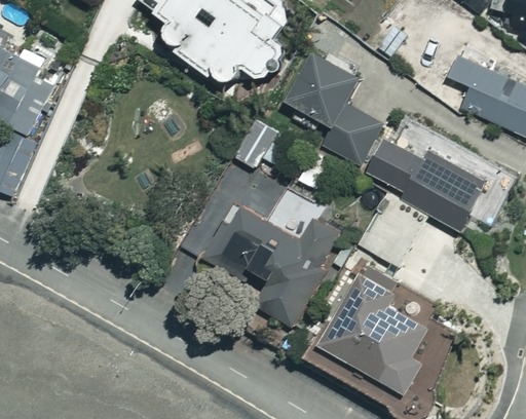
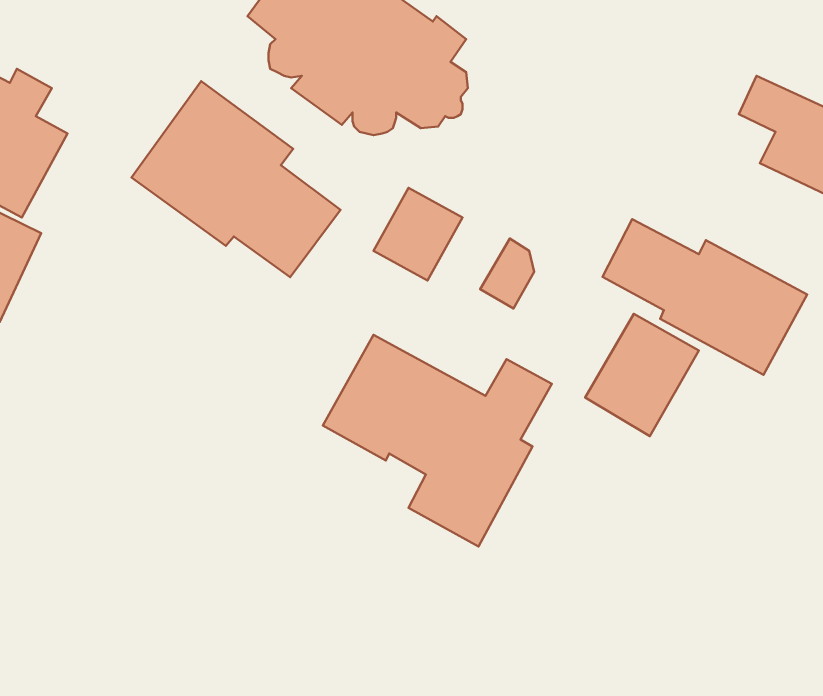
building: [284,52,381,164] -> none
building: none -> [131,81,341,277]
building: [318,267,431,398] -> none

